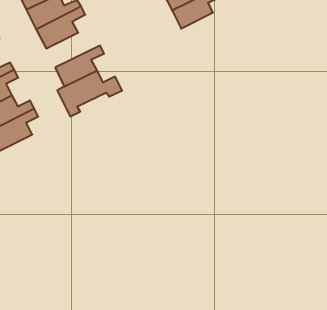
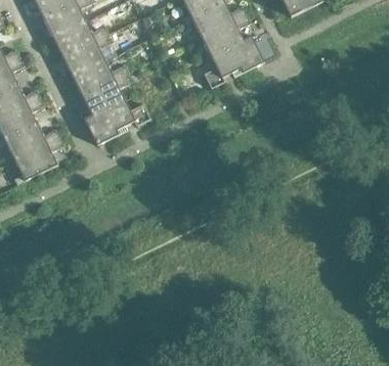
building: none -> [198,35,264,88]
building: none -> [72,59,127,95]

